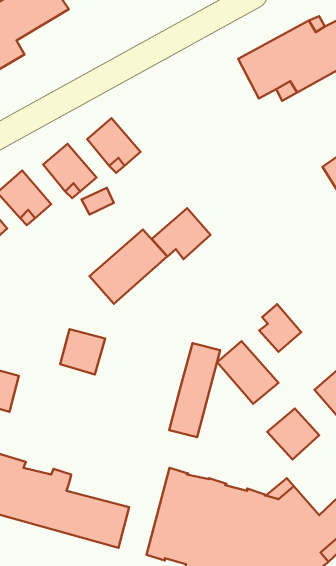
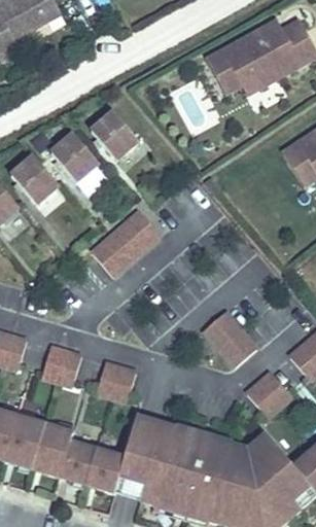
building: [152,208,210,259] -> none
building: [259,304,301,352] -> none
building: [60,329,105,374] -> [41,345,81,385]
building: [169,343,220,437] -> [114,413,160,496]
building: none -> [96,359,136,399]

